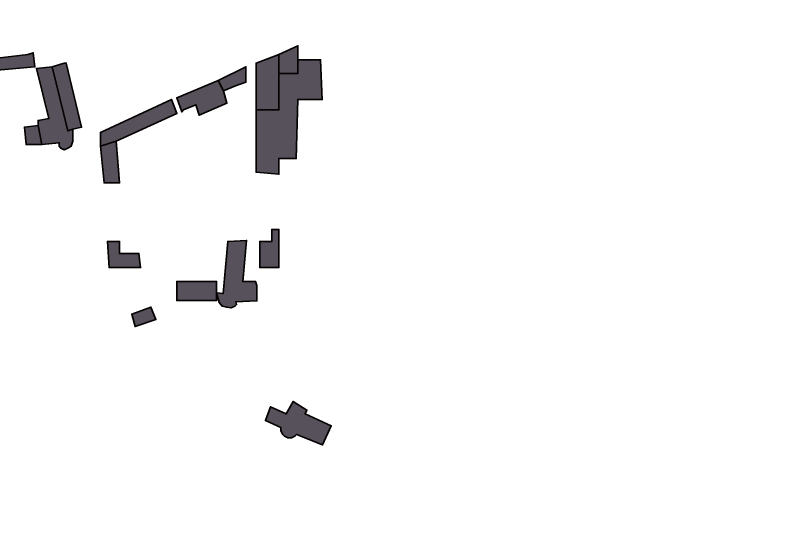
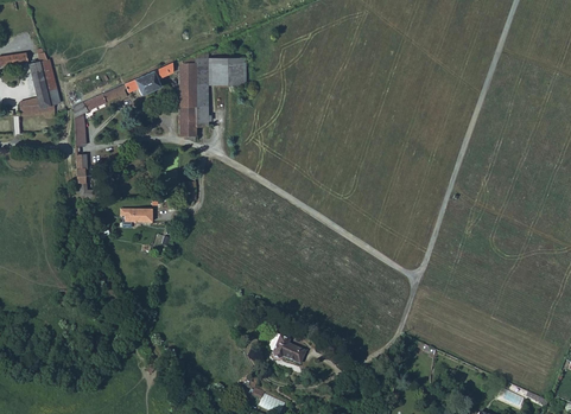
building: none -> [223,57,246,84]
building: [217,241,257,308] -> none
building: [265,402,331,445] -> [261,335,306,364]

